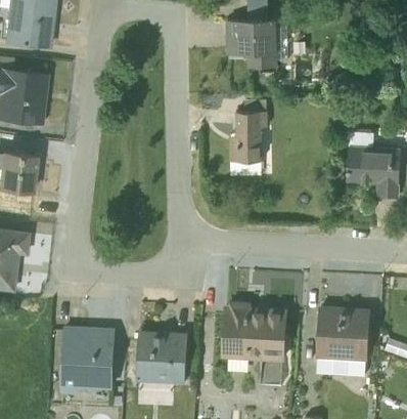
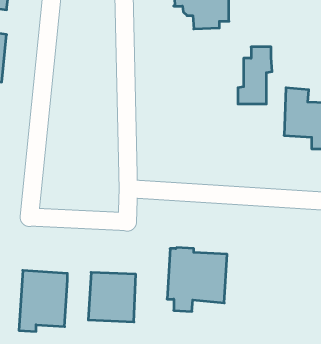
building: [230,100,267,162] -> [238,47,272,104]
building: [315,306,370,377] -> none

